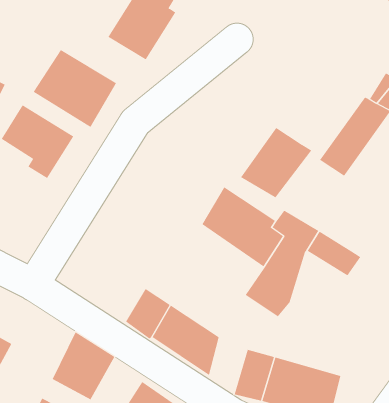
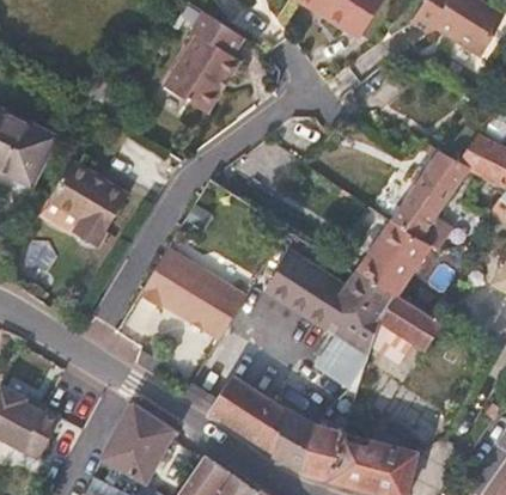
building: [33,49,117,128] -> none
building: [240,127,312,198] -> [354,220,432,297]
building: none -> [144,250,245,337]
building: none -> [274,409,315,473]

